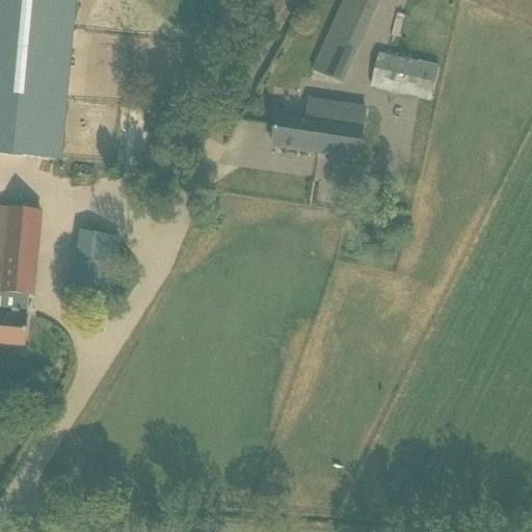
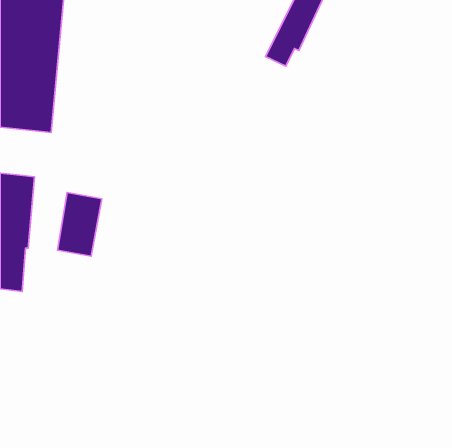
building: [371,49,440,99] -> none
building: [272,97,365,158] -> none

